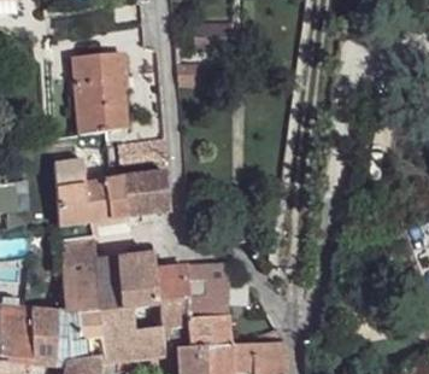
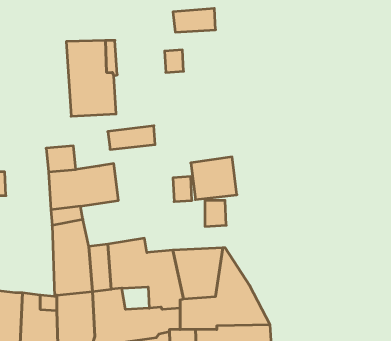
building: [124,170,171,214] -> [191,157,237,200]

